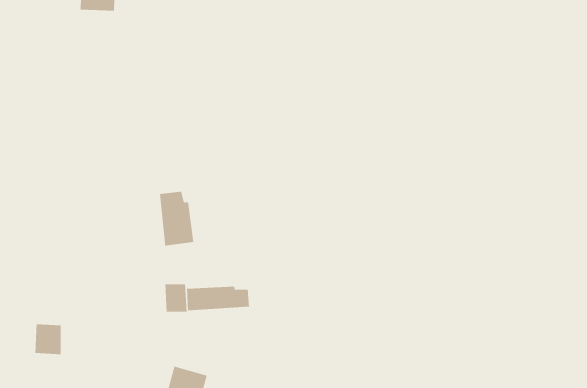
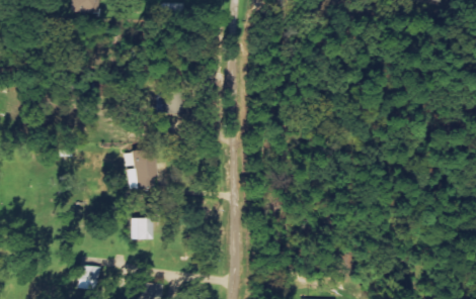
building: [187,286,249,311] -> none
building: [35,324,61,355] -> [82,266,102,289]

